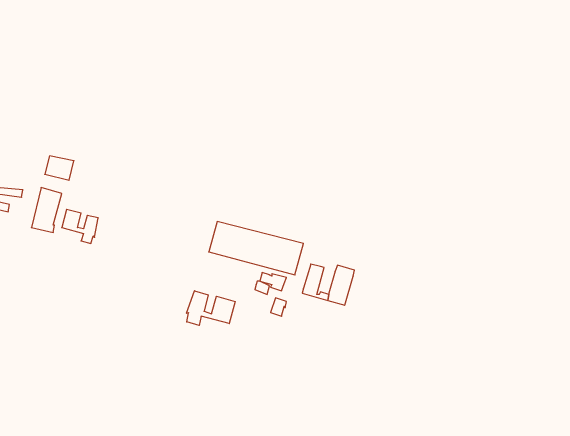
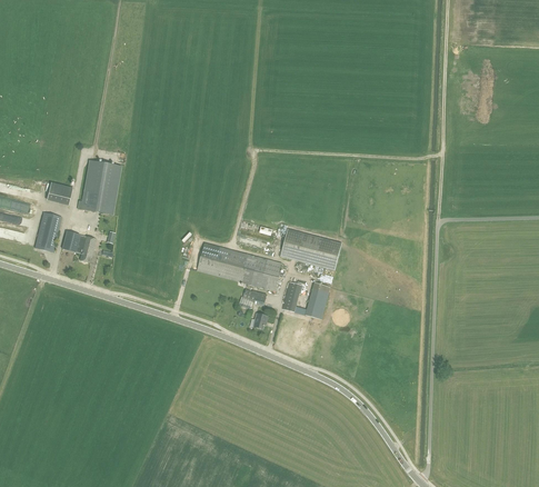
building: none -> [77,160,121,215]
building: none -> [280,228,341,270]
building: [187,291,235,325] -> none

